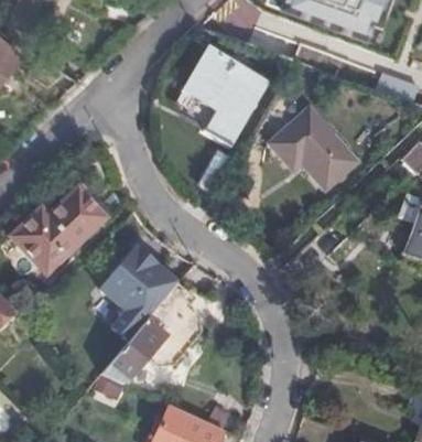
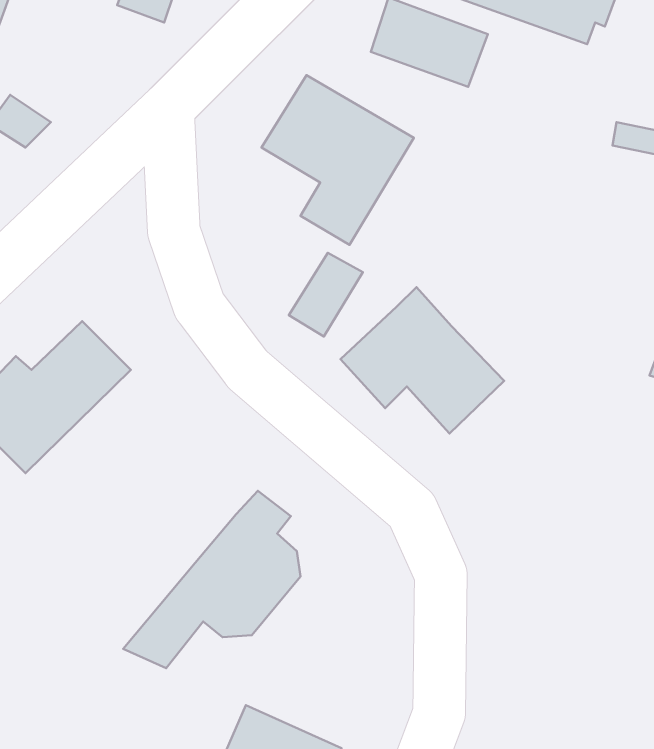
building: [267,105,359,187] -> [340,287,504,433]
building: [100,255,177,325] -> none

